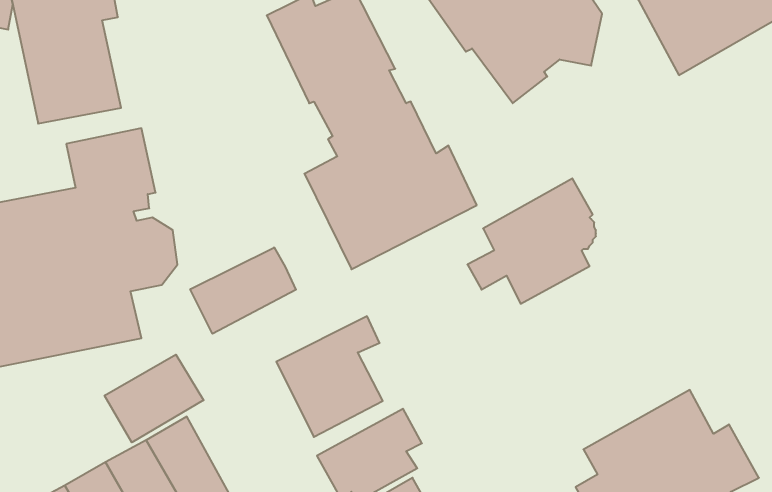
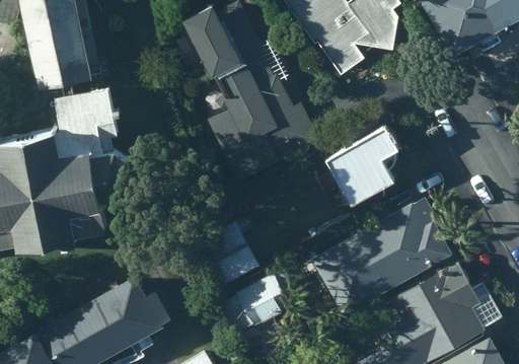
building: [190,247,296,334] -> none
building: none -> [333,199,454,313]
building: [105,355,204,442] -> none

